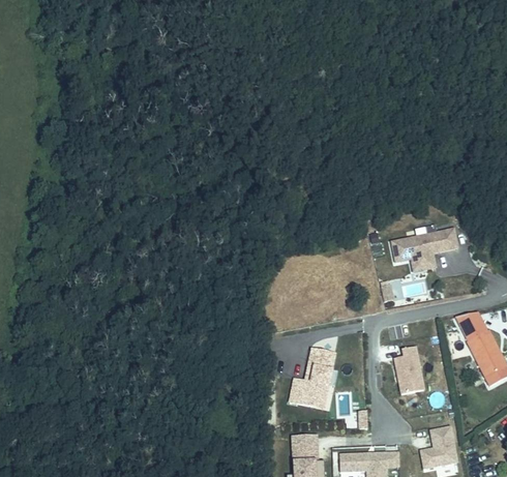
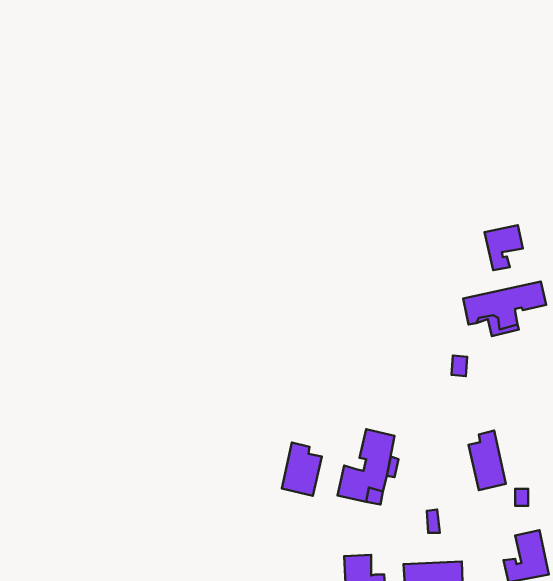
building: none -> [484,225,523,270]
building: none -> [282,443,322,496]

